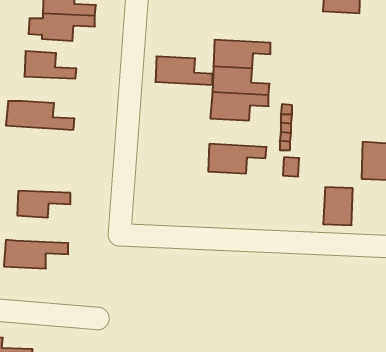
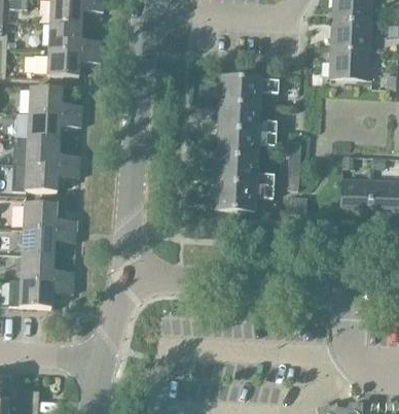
building: none -> [329,47,367,78]
building: [155,56,213,85] -> [216,156,274,184]
building: none -> [28,113,81,140]
building: none -> [10,163,79,193]
building: none -> [24,203,77,231]
building: [323,187,353,225] -> [340,178,370,216]
building: none -> [22,253,75,281]

